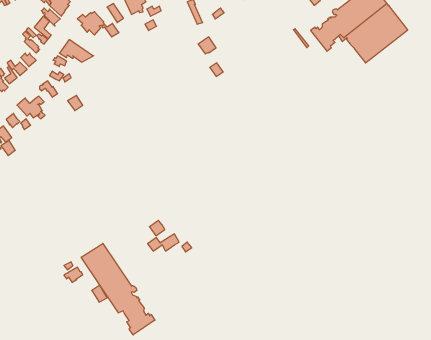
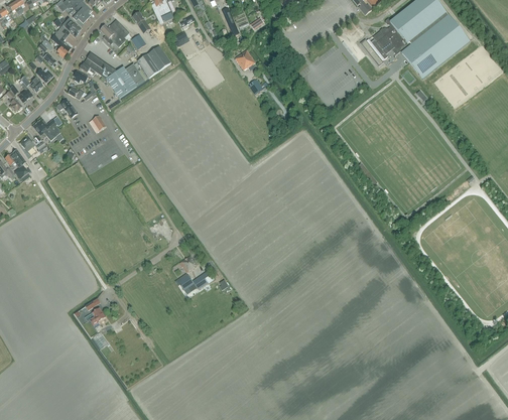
building: none -> [138,45,171,78]
building: none -> [105,63,145,98]
building: [81,243,155,335] -> none

